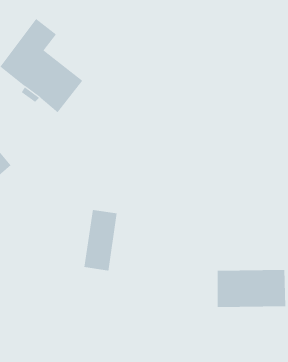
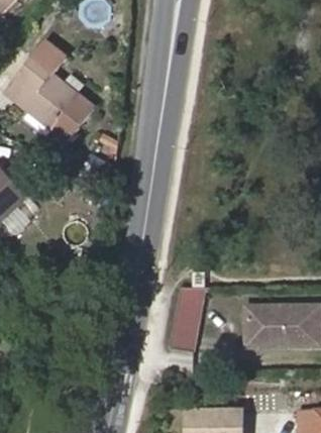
building: [83,209,118,271] -> [166,283,202,348]

